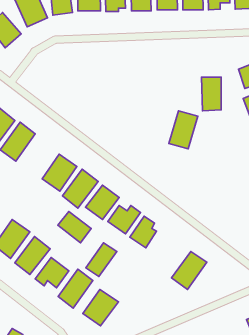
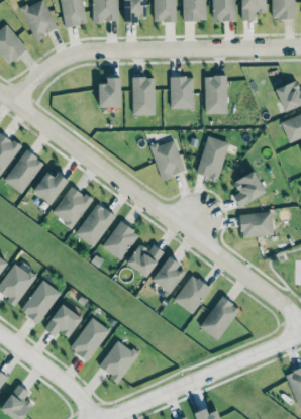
building: none -> [132,77,156,115]
building: none -> [171,77,195,109]
building: none -> [99,78,122,107]
building: [202,77,221,111] -> [205,76,227,114]
building: none -> [152,139,185,180]
building: none -> [233,172,267,207]
building: none -> [33,173,69,204]
building: none -> [240,212,274,237]
building: [58,212,91,243] -> none
building: none -> [174,275,212,314]
building: [86,243,117,276] -> none

